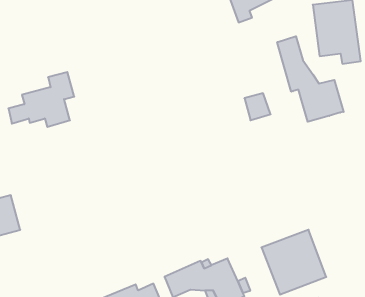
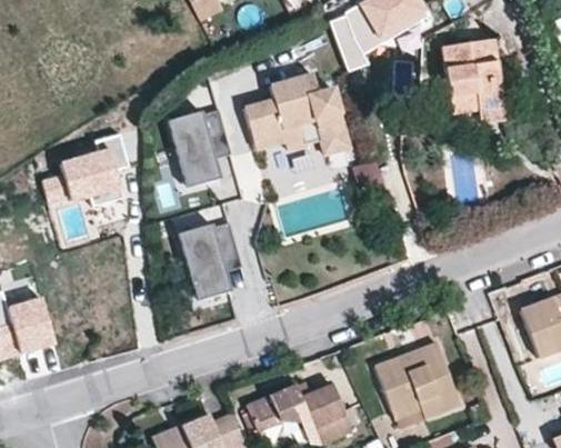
building: none -> [244,73,350,153]
building: [277,36,344,122] -> none
building: none -> [168,110,230,188]
building: none -> [179,223,241,301]

